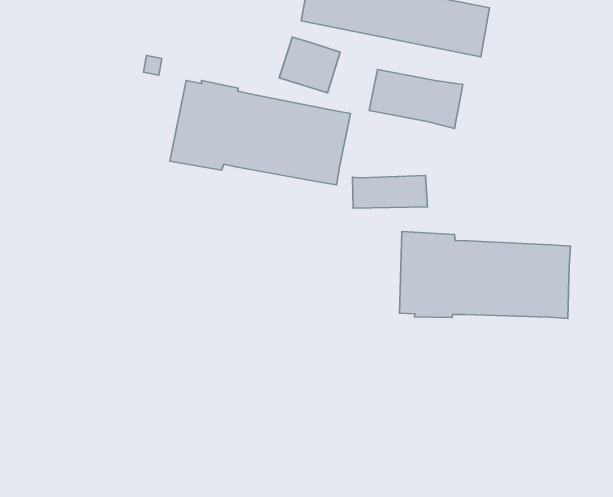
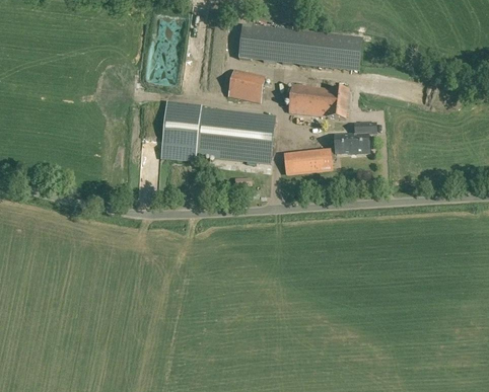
building: none -> [330,132,368,152]
building: [399,231,570,318] -> none

